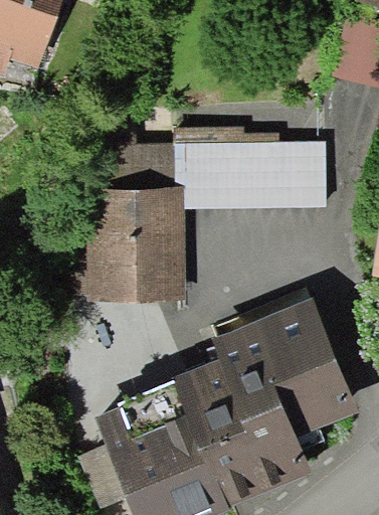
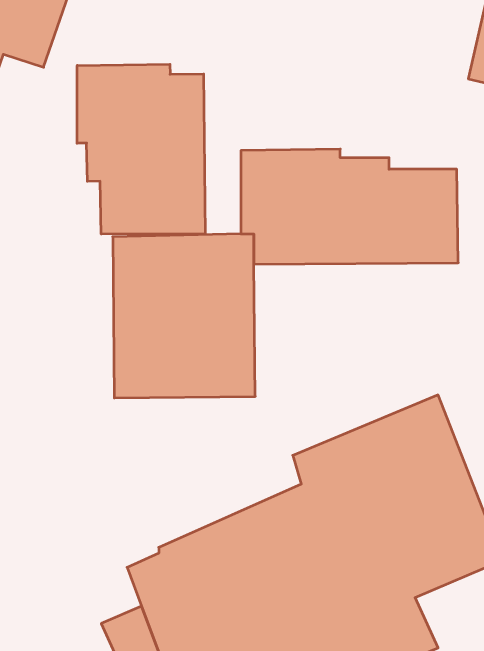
building: none -> [77,64,205,234]

